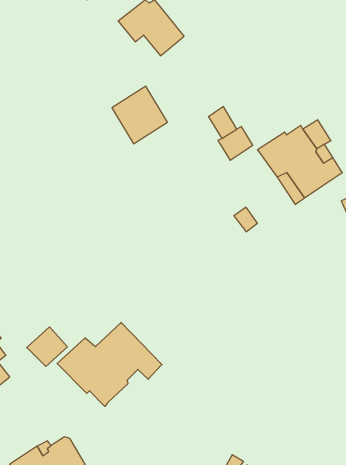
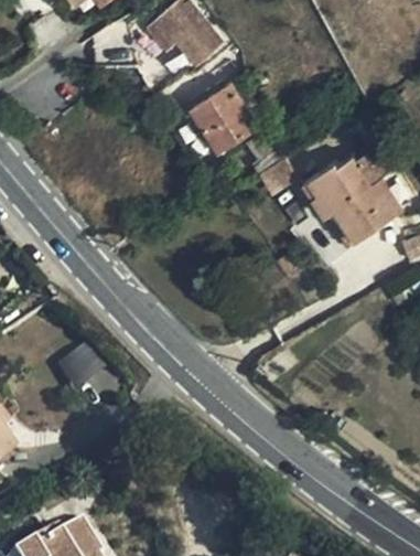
building: [112,86,167,144] -> [193,83,258,150]
building: [57,322,162,406] -> none
building: [27,327,67,366] -> [54,343,101,389]

